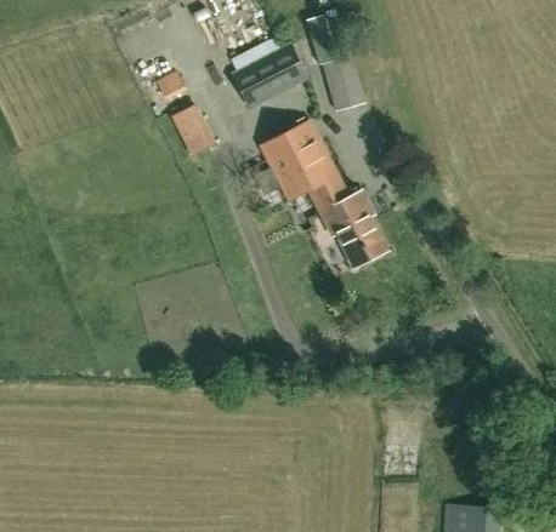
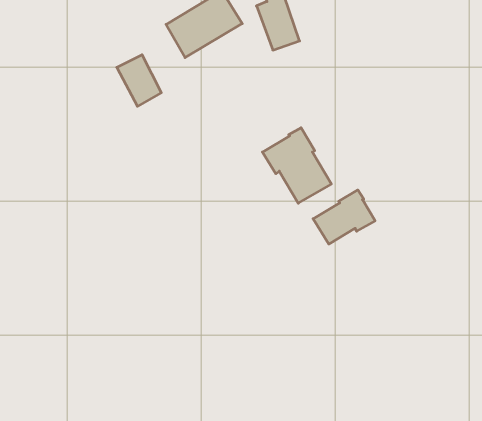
building: [260,119,347,211] -> none
building: none -> [313,190,375,244]

